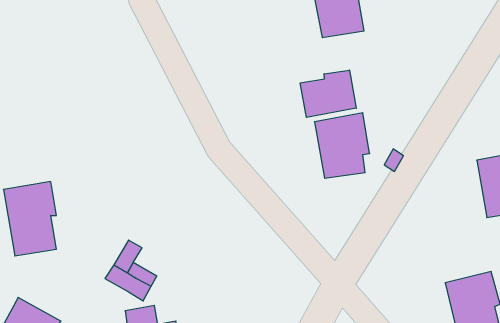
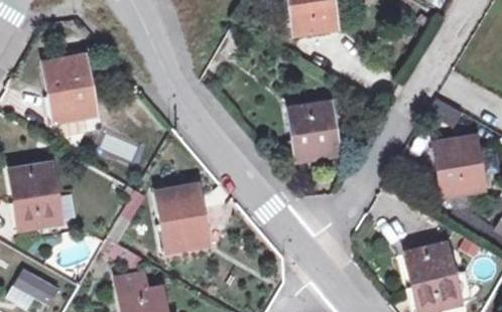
building: none -> [43,55,92,123]
building: [300,70,356,117] -> none
building: none -> [156,184,205,252]

